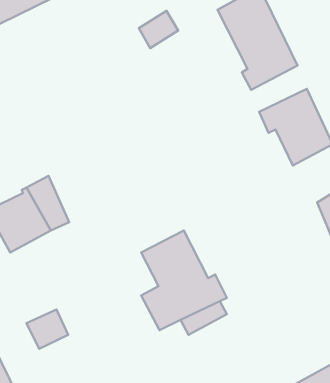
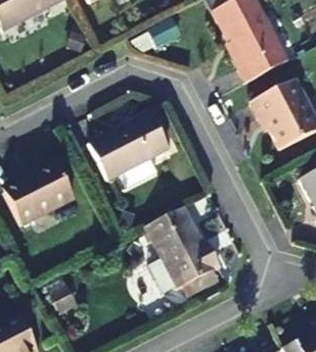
building: none -> [93,114,174,194]

